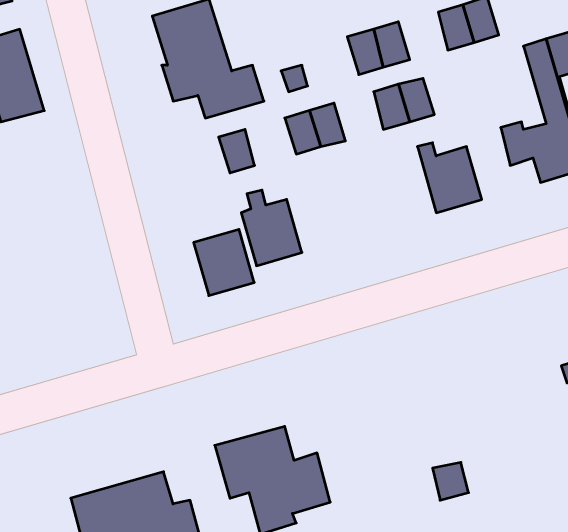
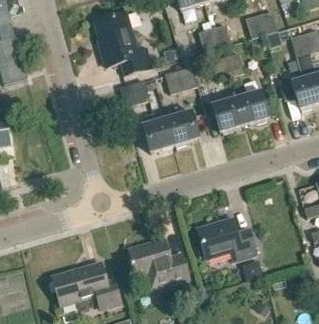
building: none -> [213,90,245,132]
building: [194,229,254,296] -> [166,111,198,146]
building: none -> [197,217,256,260]

